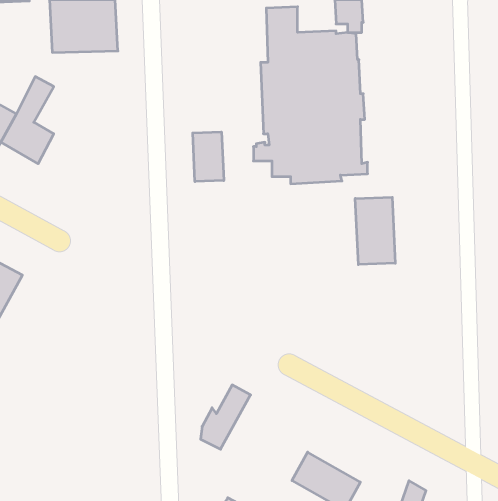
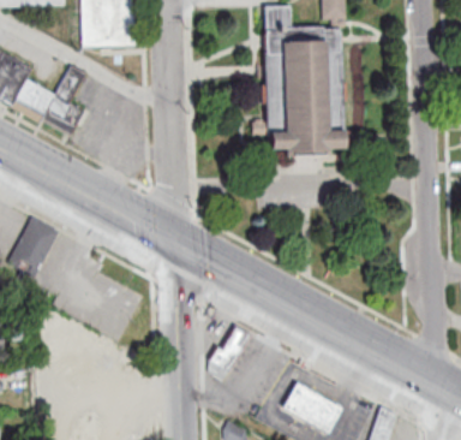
building: [193,132,224,182] -> none
building: [355,197,395,265] -> none

